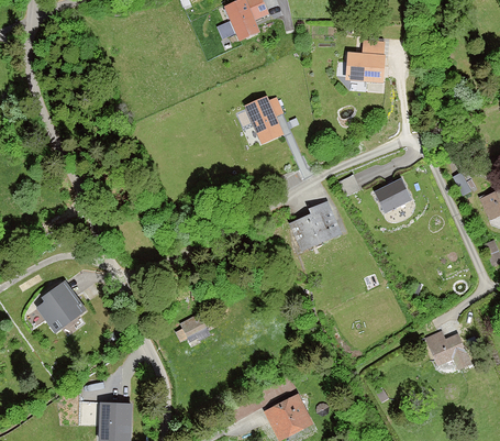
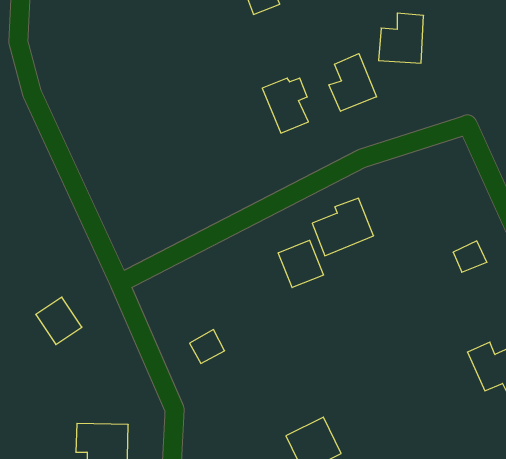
building: none -> [329,54,377,111]
building: [378,181,408,209] -> [453,241,487,272]
building: none -> [278,240,324,288]

